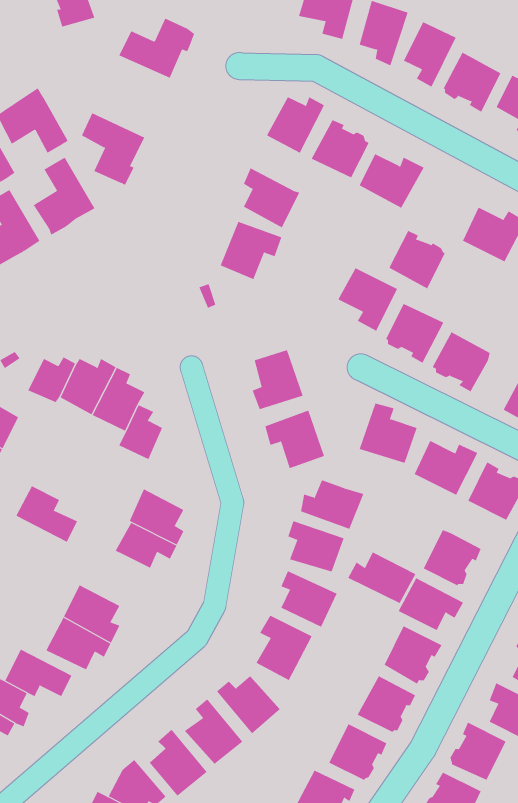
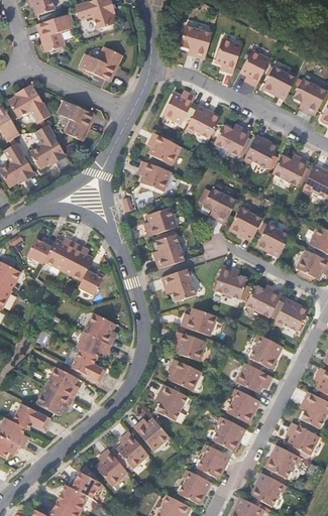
building: [388,230,445,289] -> [245,134,278,167]
building: none -> [143,206,176,236]
building: [15,485,78,542] -> [71,350,106,382]
building: [347,551,416,604] -> none

